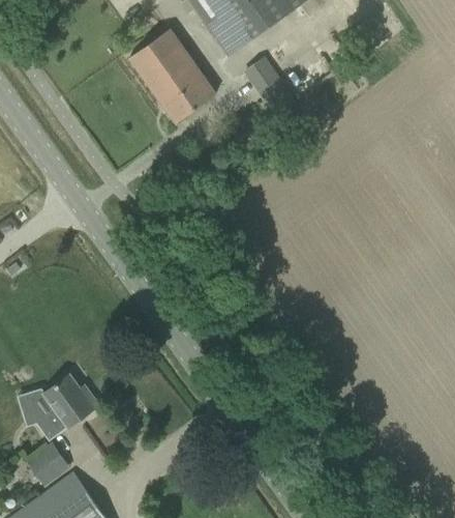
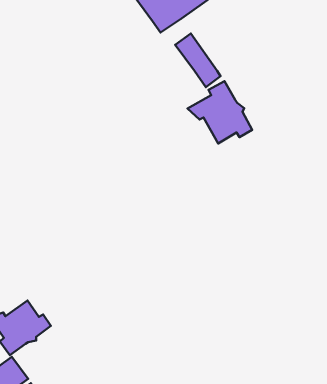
building: [128,30,215,123] -> none
building: none -> [188,81,252,143]

